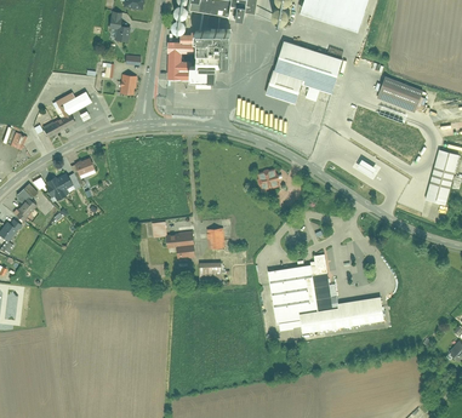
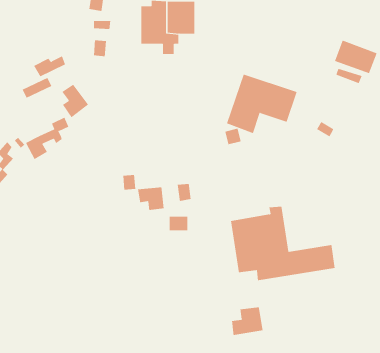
building: [264,40,341,104] -> [226,74,298,134]
building: none -> [62,84,89,118]
building: none -> [232,306,263,336]

